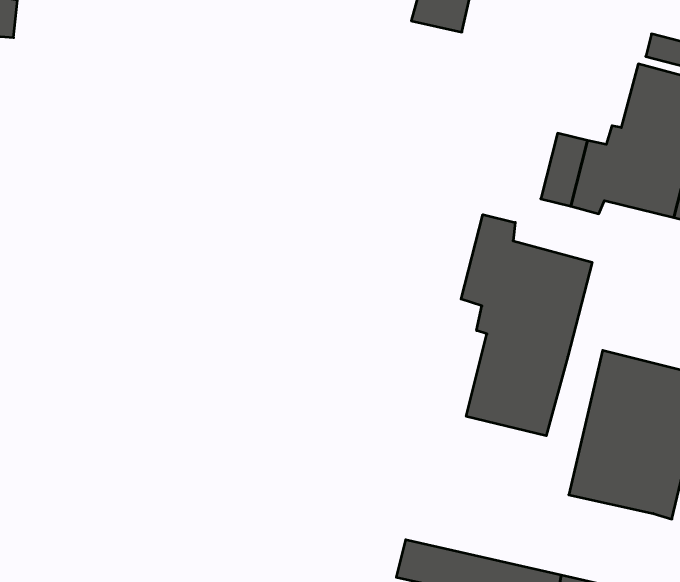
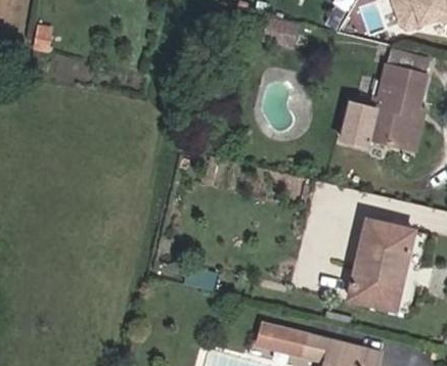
building: [461,215,592,436] -> none

